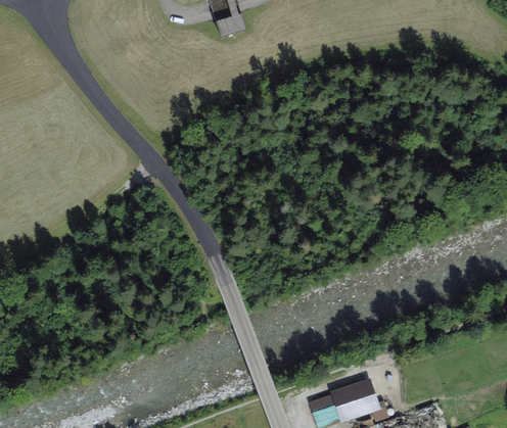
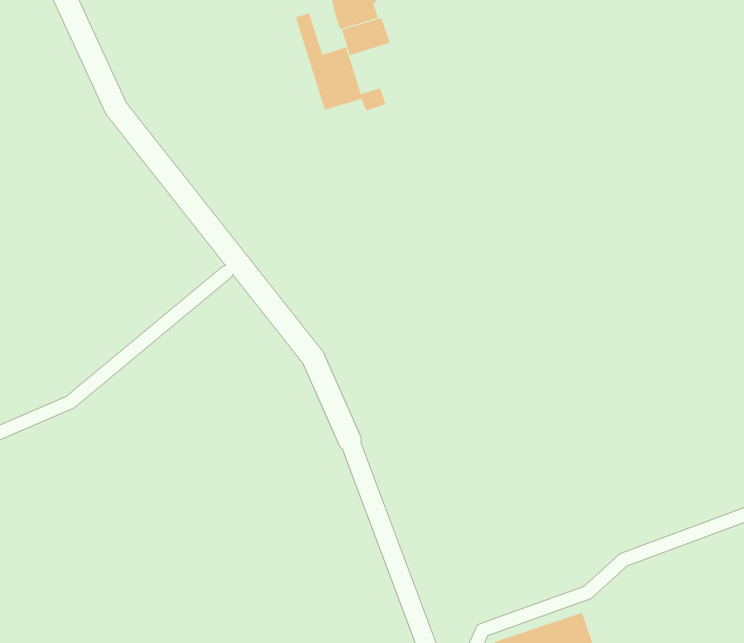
building: none -> [295,12,386,111]

